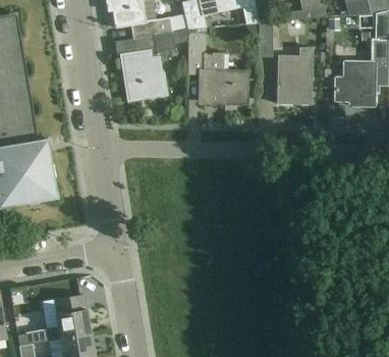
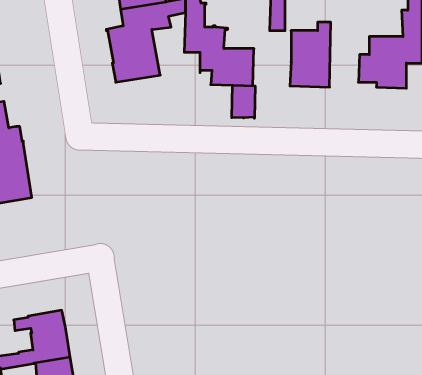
building: none -> [232,85,255,118]

